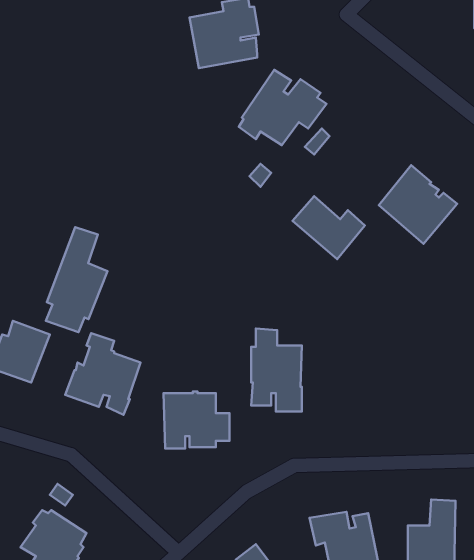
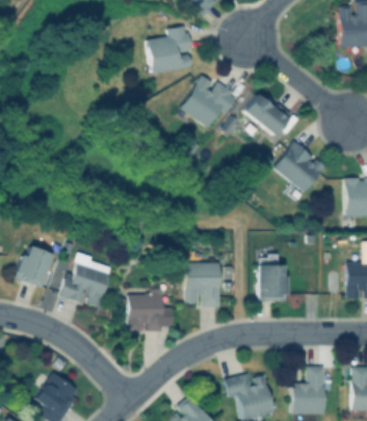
building: [293,196,365,259] -> [243,94,292,136]
building: [46,227,107,332] -> none
building: none -> [259,254,288,299]

